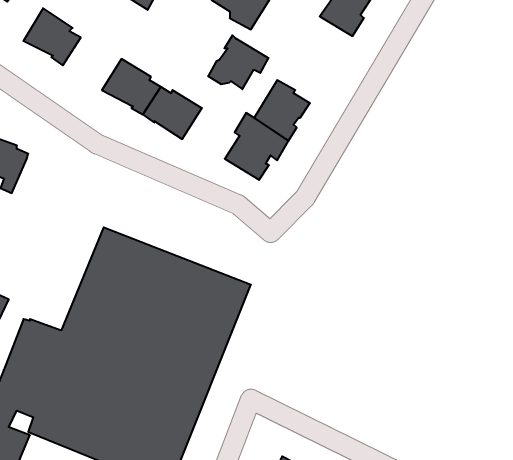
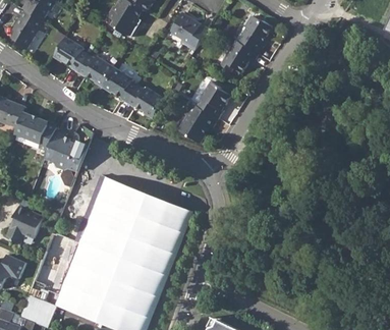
building: [208,35,269,89] -> [220,40,258,73]
building: none -> [77,55,114,88]
building: none -> [44,130,86,172]

